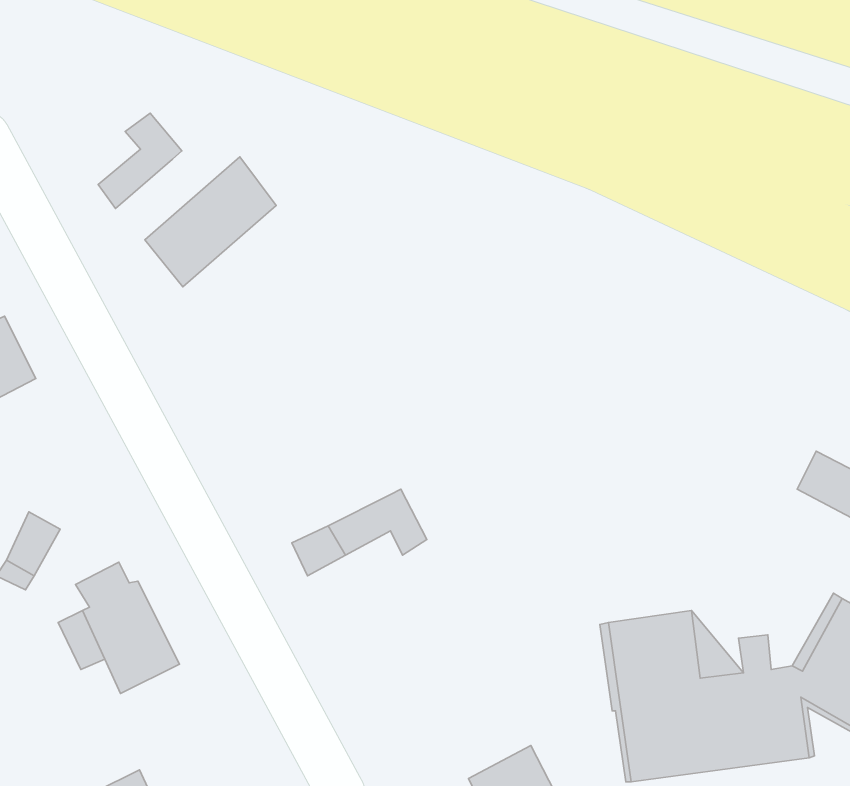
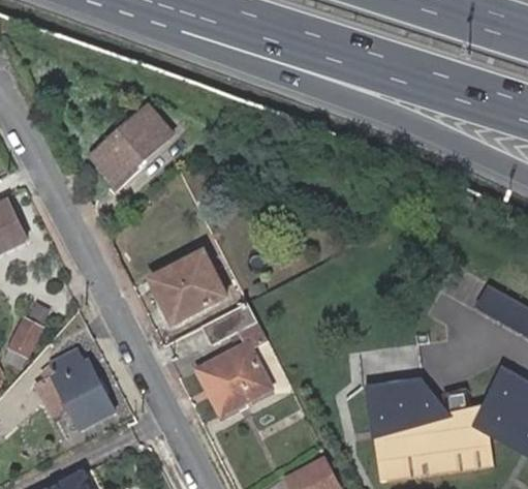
building: [98,113,182,209] -> none
building: none -> [152,253,225,324]
building: none -> [197,344,271,414]

